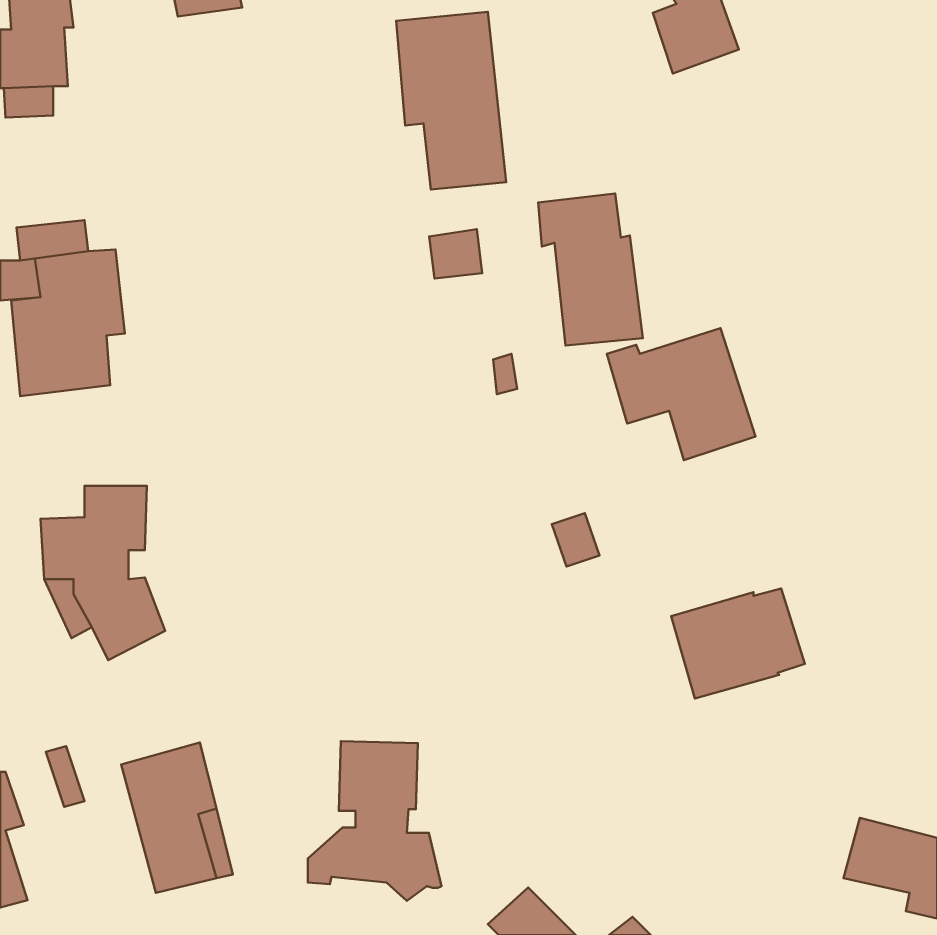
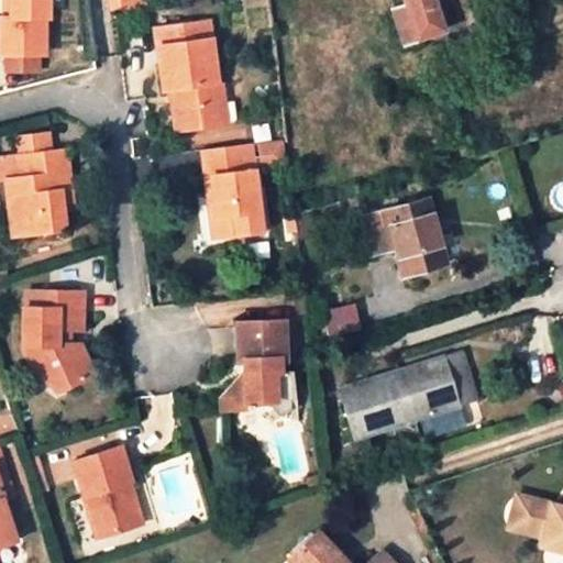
building: [396,12,506,190] -> [154,21,220,128]
building: [538,193,643,346] -> [197,144,260,235]
building: none -> [344,369,417,437]
building: [308,741,442,901] -> [220,321,300,417]

